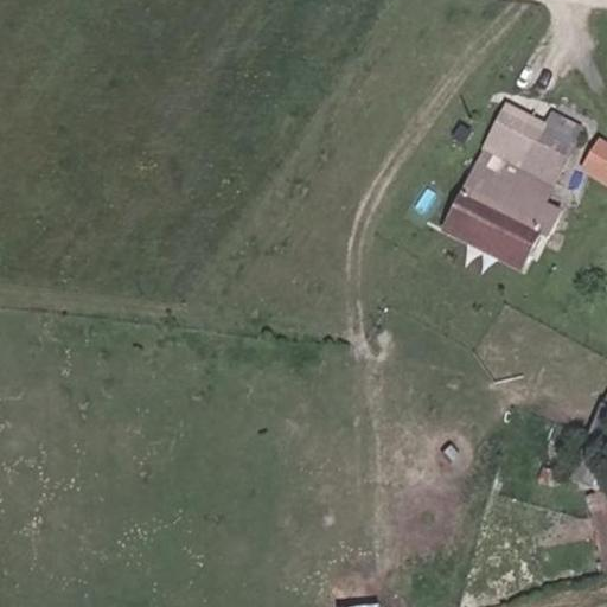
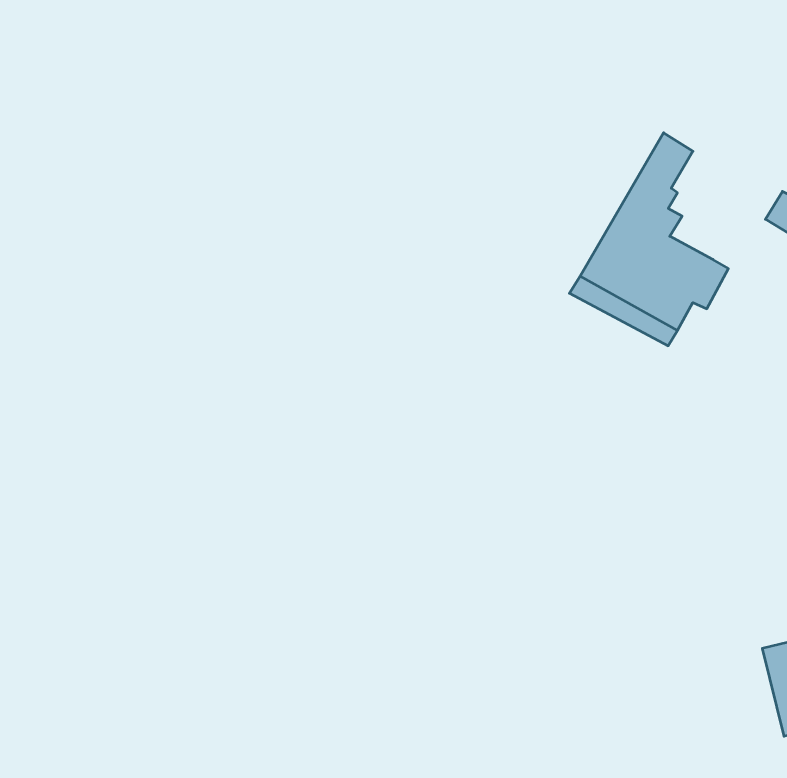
building: [515,114,587,199] -> none

